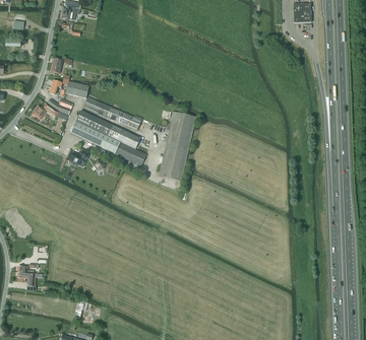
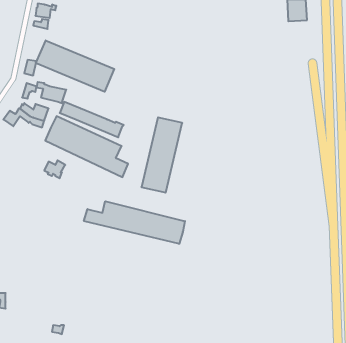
building: none -> [36,40,114,92]
building: none -> [84,201,185,244]

